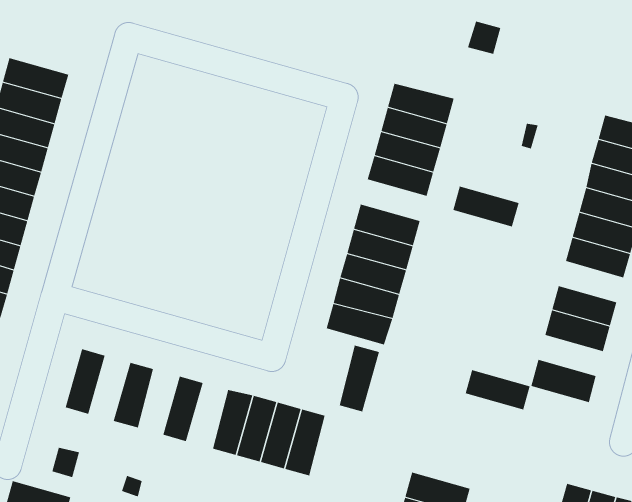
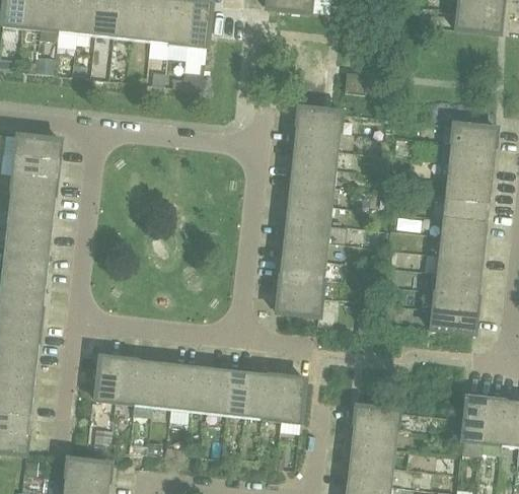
building: none -> [13,135,61,158]
building: none -> [295,108,343,130]
building: [452,186,519,227] -> [285,199,332,222]
building: none -> [438,234,485,258]
building: [339,345,380,412] -> [281,374,304,422]
building: none -> [114,357,137,404]
building: none -> [151,361,174,408]
building: [465,369,531,410] -> [432,290,478,313]
building: none -> [188,365,211,412]

